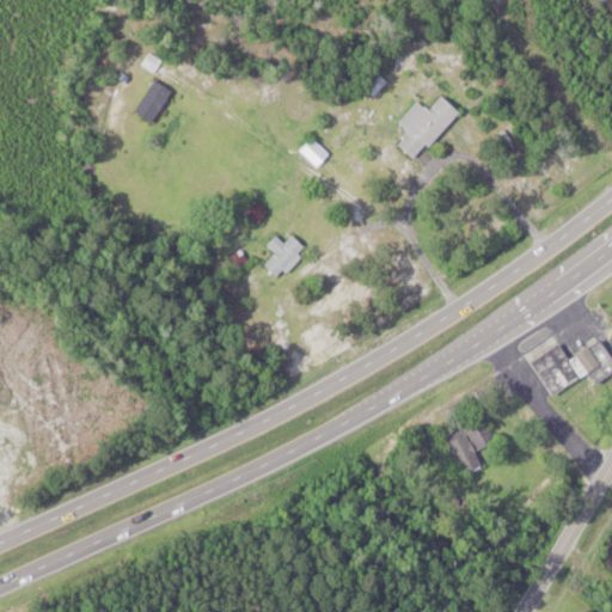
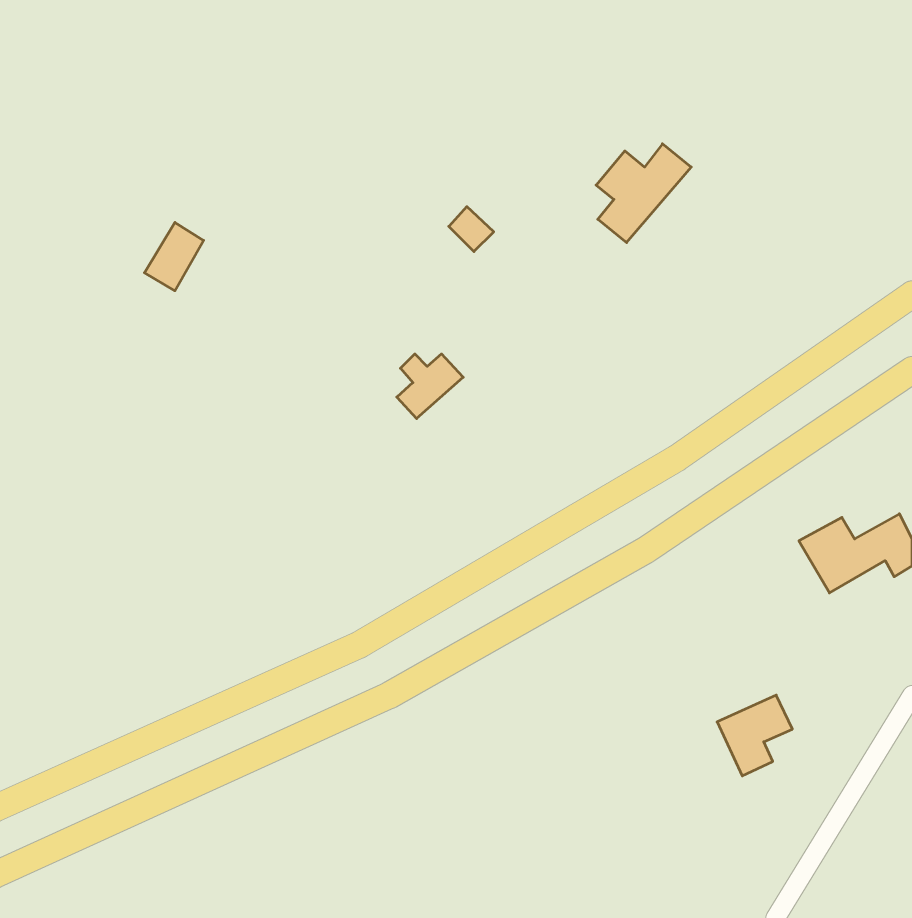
building: [131,79,171,124] -> [144,222,204,291]
building: [445,421,495,475] -> [717,695,792,776]

